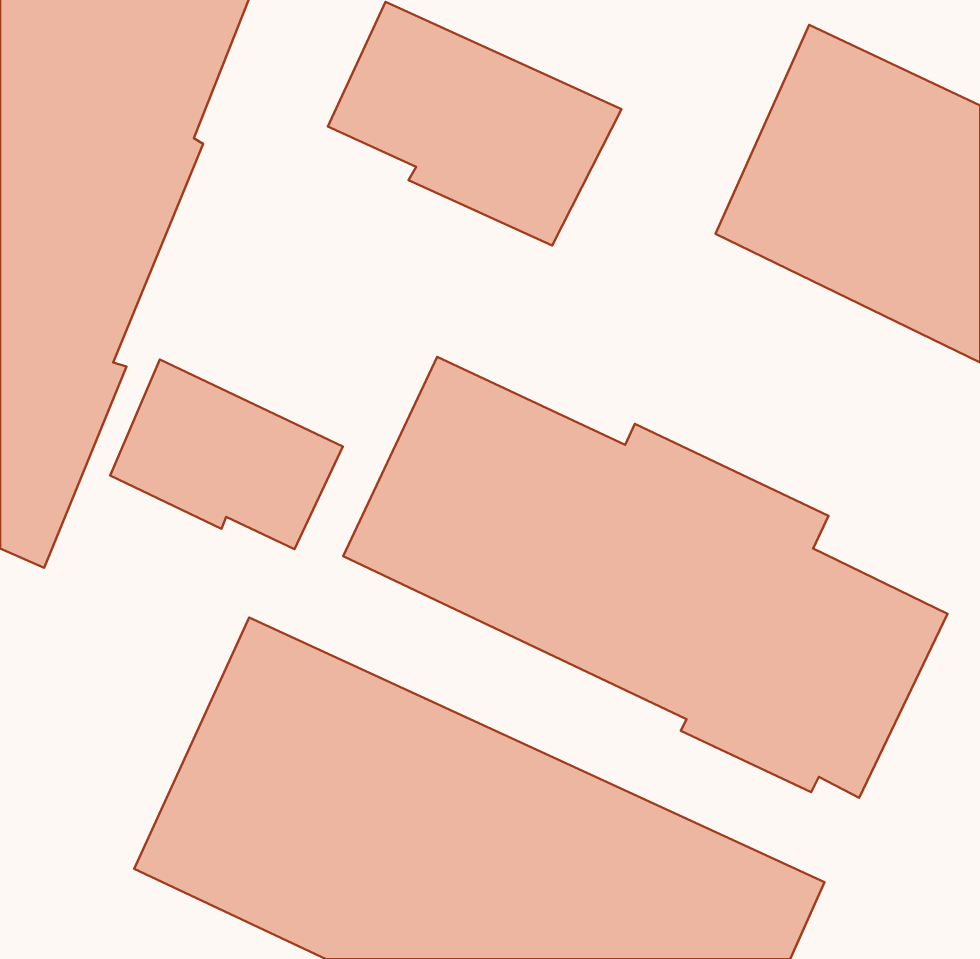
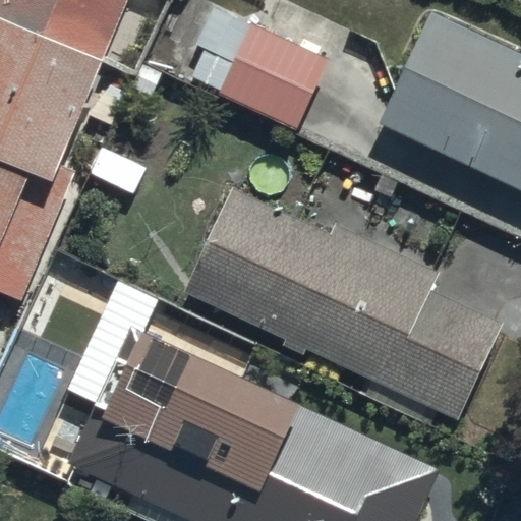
building: [110,359,343,549] -> none

